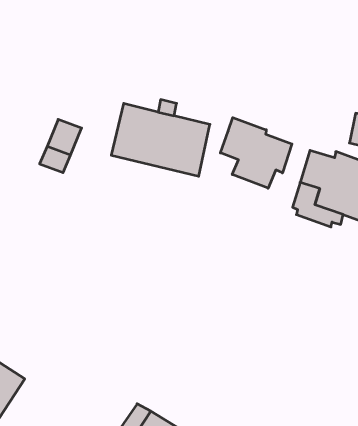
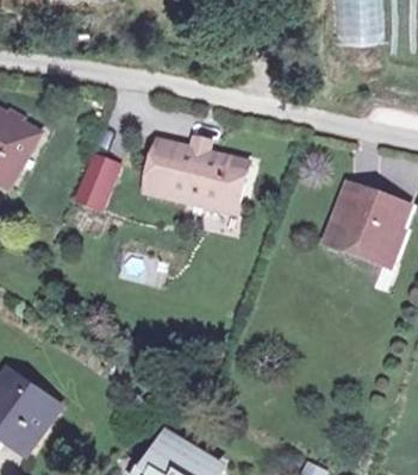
building: [220,118,292,188] -> none

